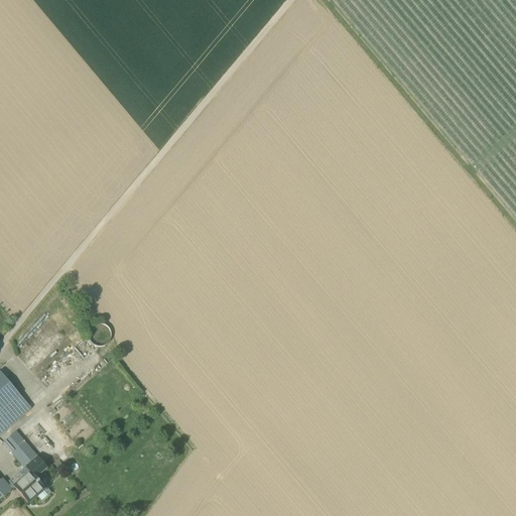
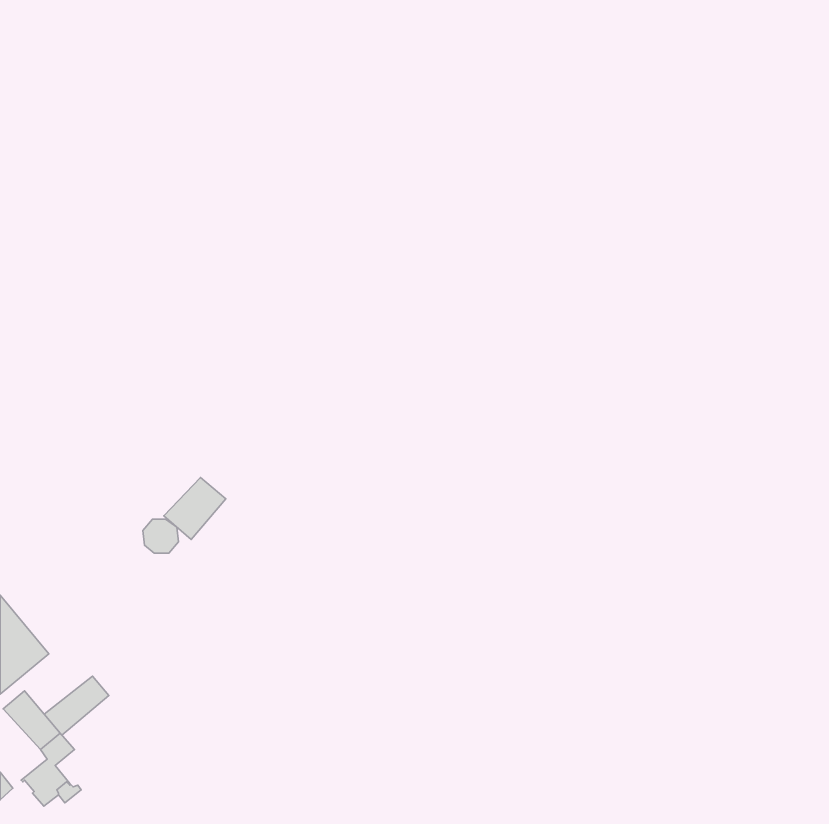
building: none -> [164,478,226,539]
building: none -> [44,676,109,735]

